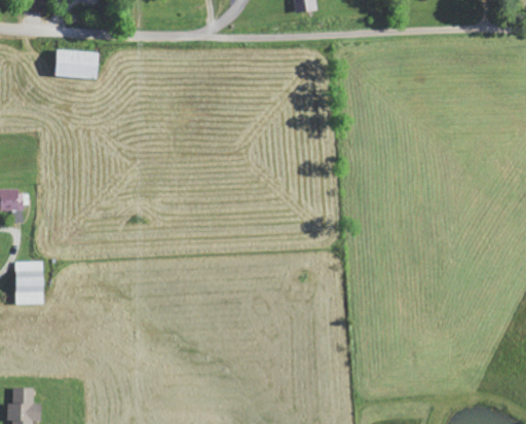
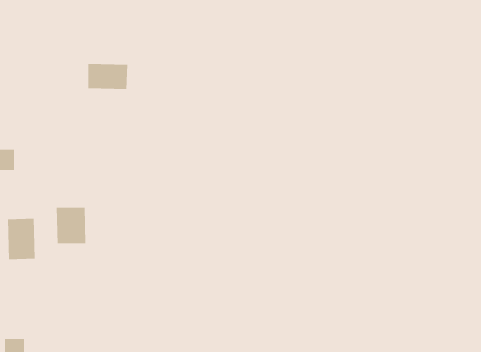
building: [57,49,100,77] -> [87,63,128,90]
building: none -> [56,207,86,244]

